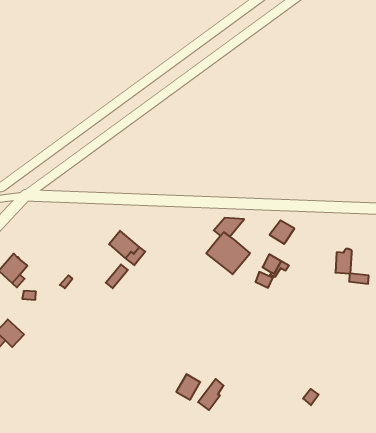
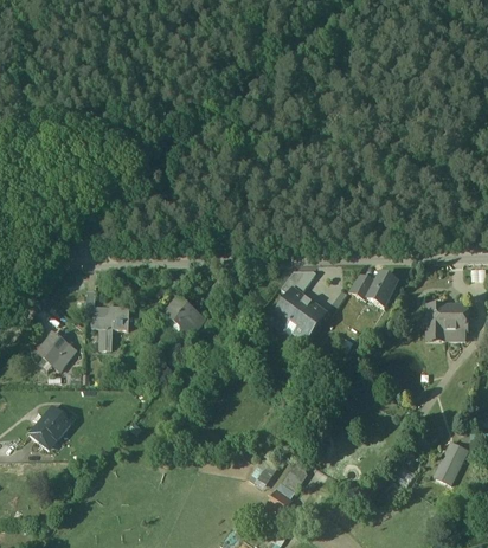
building: none -> [367,272,397,307]
building: none -> [92,305,129,348]
building: none -> [445,305,468,330]
building: none -> [437,441,468,478]

